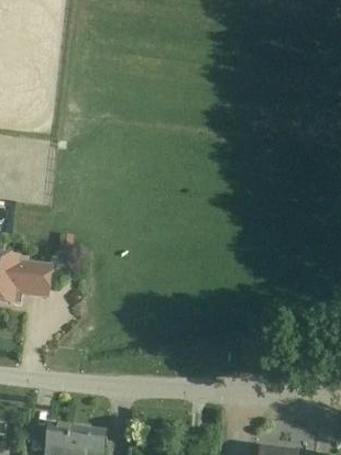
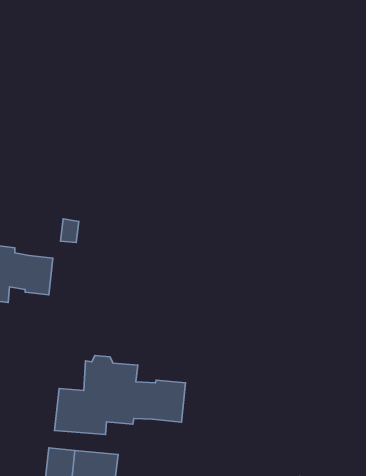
building: none -> [55,355,185,435]

